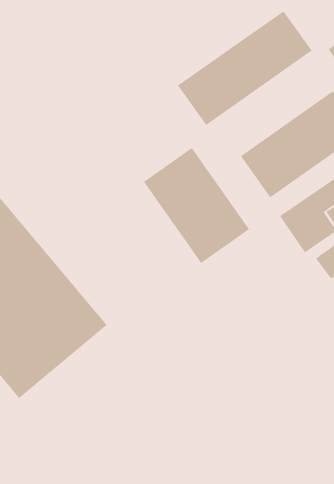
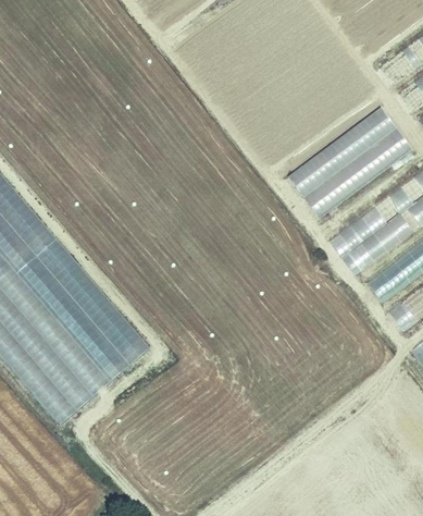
building: [177,10,312,126] -> none
building: [143,147,250,264] -> none

